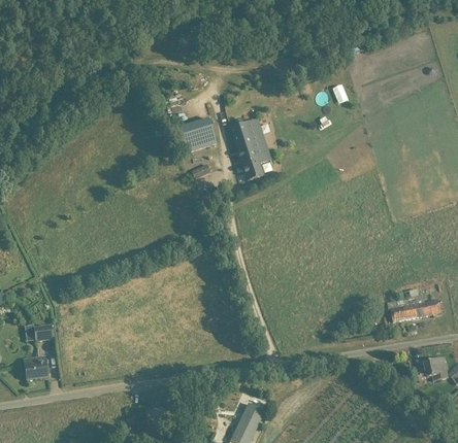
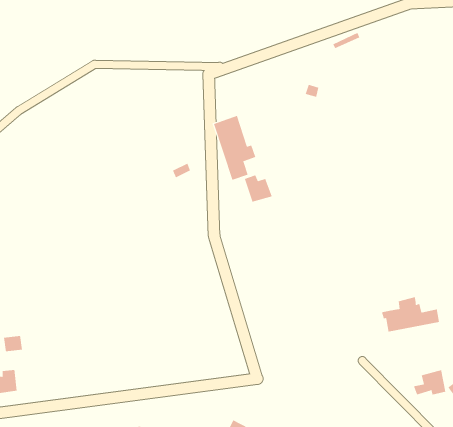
building: [177,116,217,151] -> none
building: none -> [244,174,272,202]

